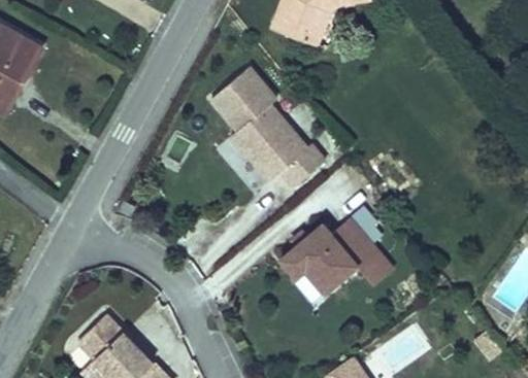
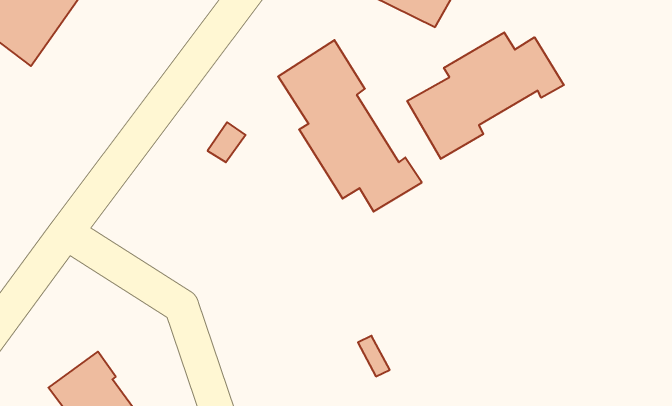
building: none -> [407,32,564,159]
building: [278,218,392,291] -> none

